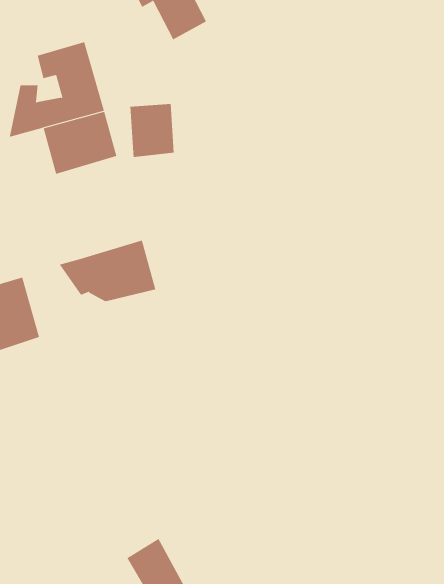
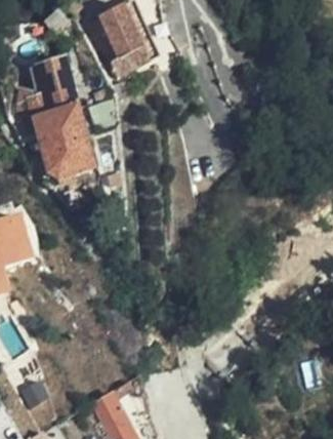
building: [59,240,156,302] -> [29,134,93,175]

